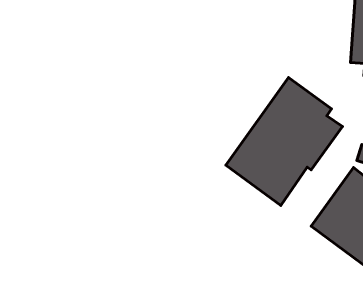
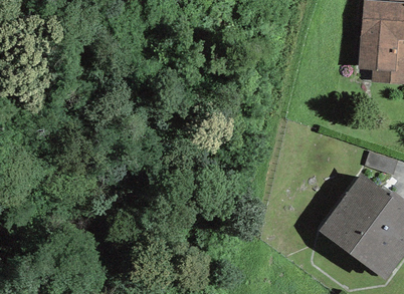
building: [226,78,343,205] -> none

